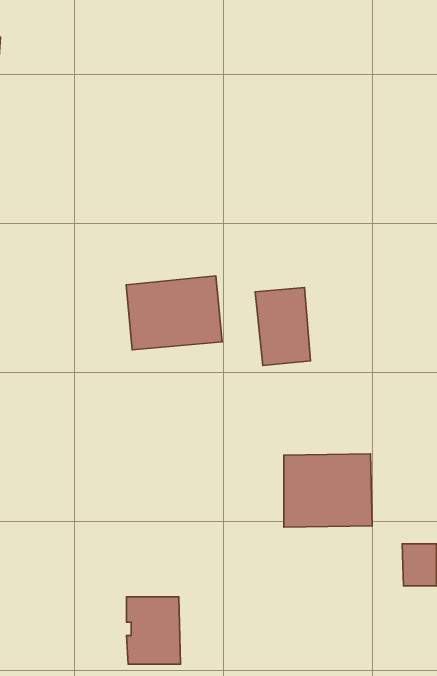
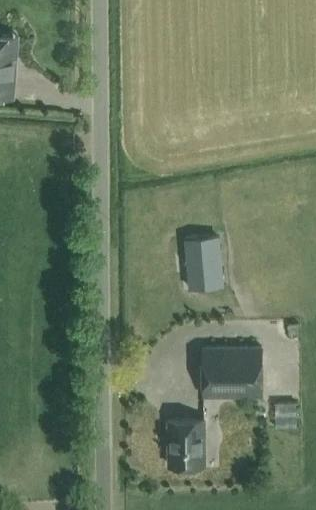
building: [126,276,222,350] -> none
building: [127,597,180,664] -> [168,422,204,467]

